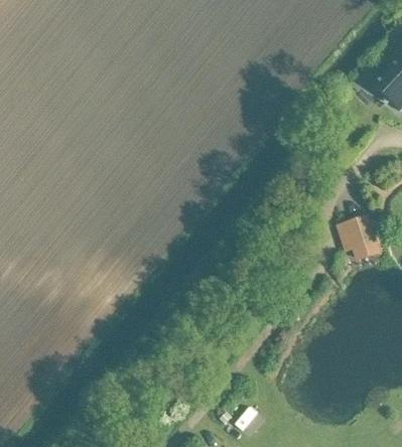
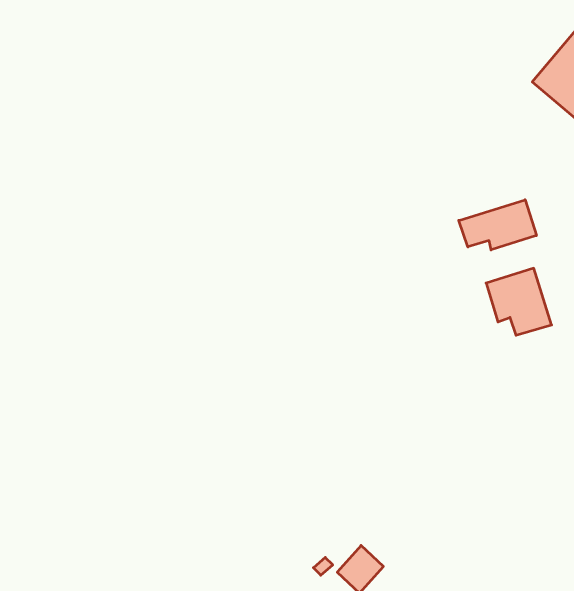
building: none -> [459,200,536,250]

